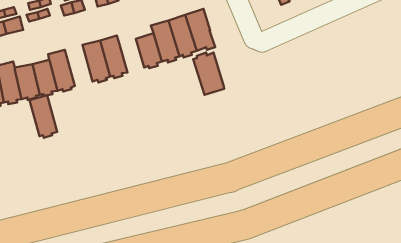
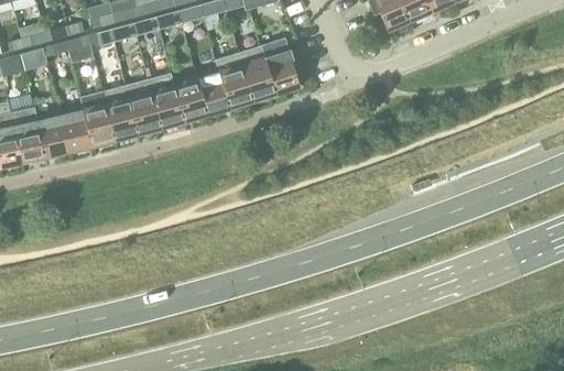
building: none -> [174,77,207,121]
building: [193,52,224,95] -> none
building: [30,95,57,138] -> [102,85,139,141]

